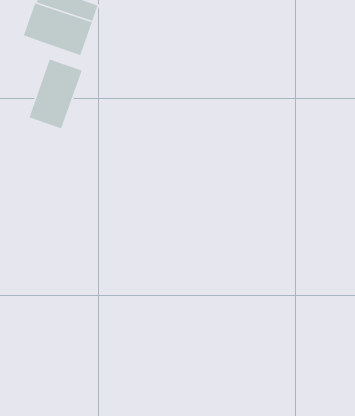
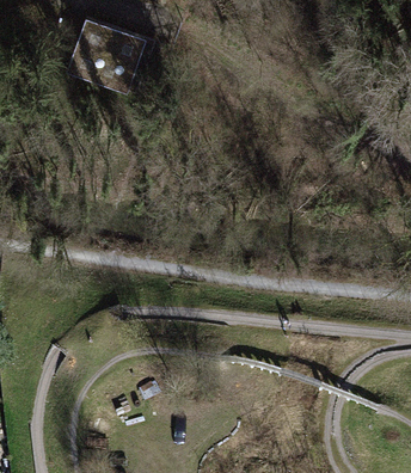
building: [28,58,83,130] -> none

